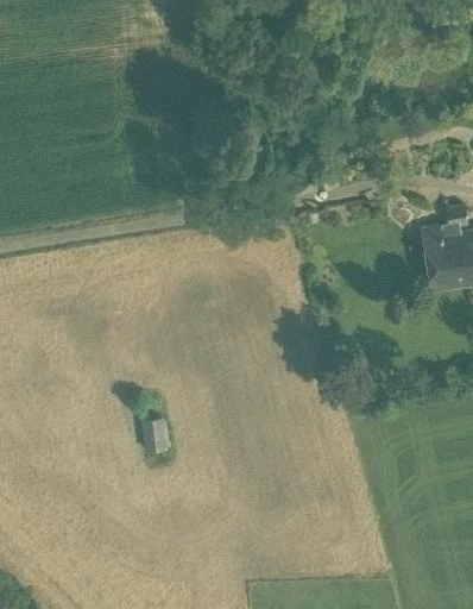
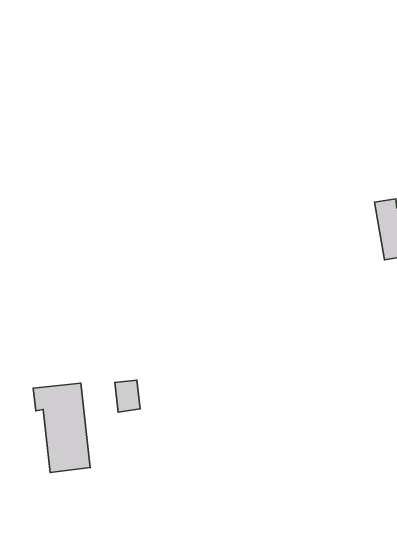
building: none -> [33,383,90,473]

